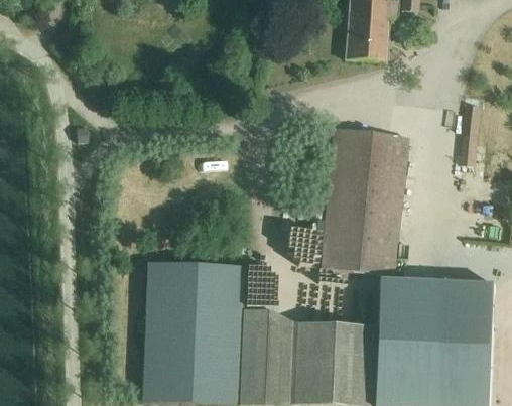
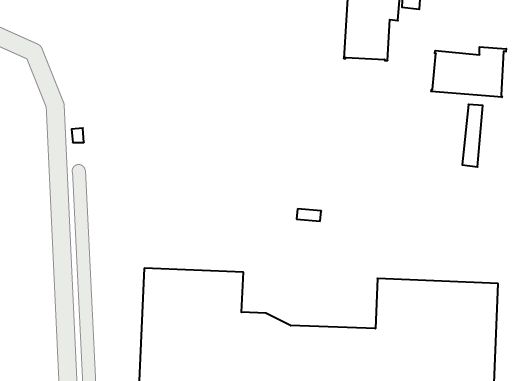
building: none -> [431,47,506,97]
building: [319,126,409,275] -> none

